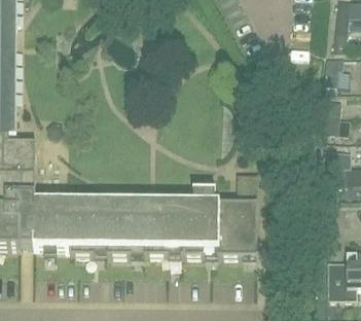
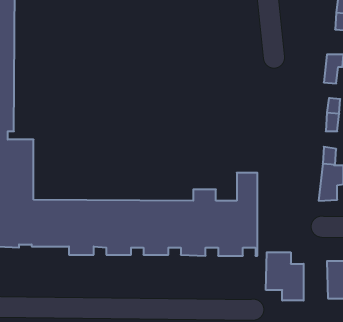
building: none -> [266,252,304,301]

